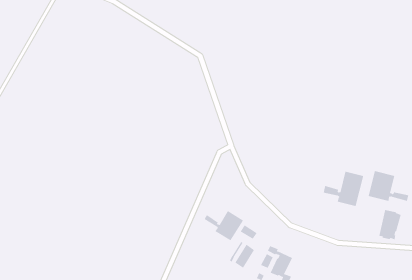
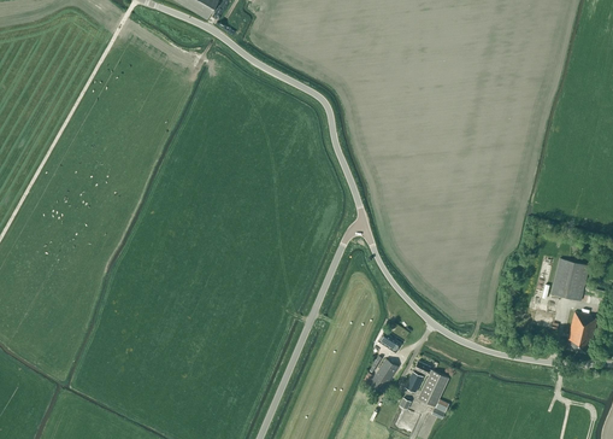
building: [323,171,364,207] -> none
building: [204,210,244,241] -> none

